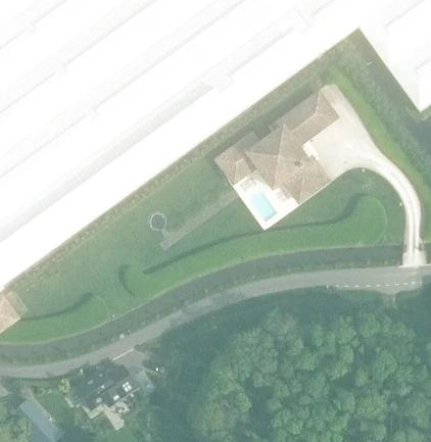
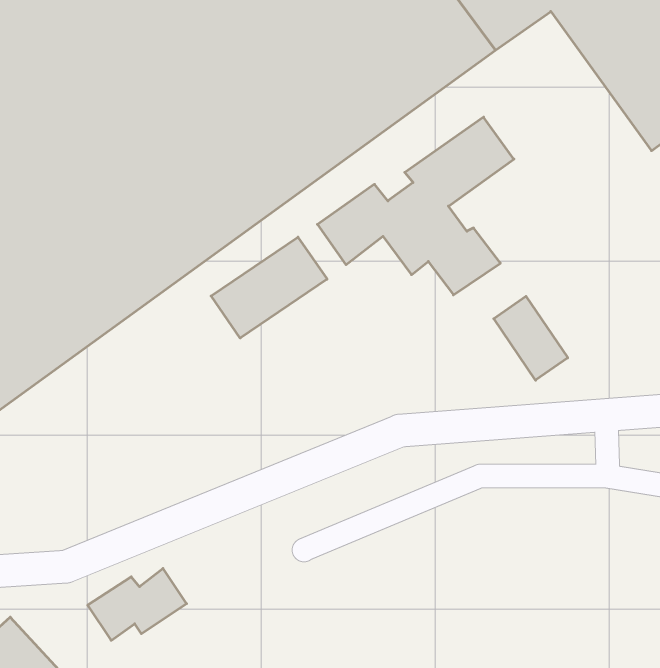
building: none -> [211,237,327,338]
building: none -> [494,296,568,380]

